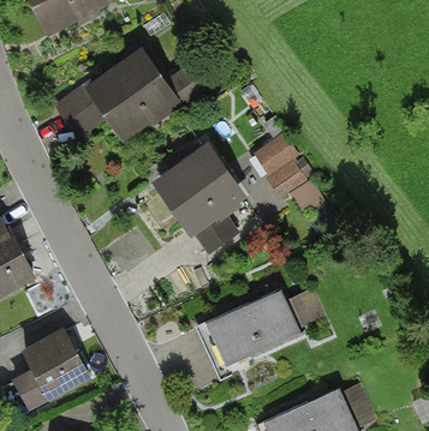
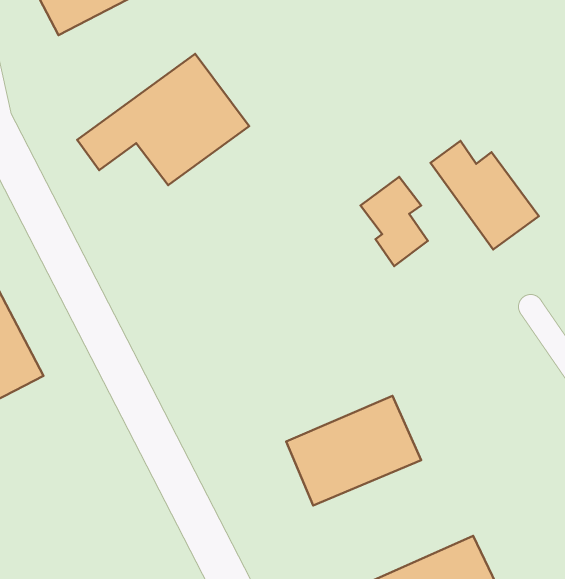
building: none -> [430,141,539,250]
building: [154,144,242,252] -> none
building: [7,327,93,414] -> none

